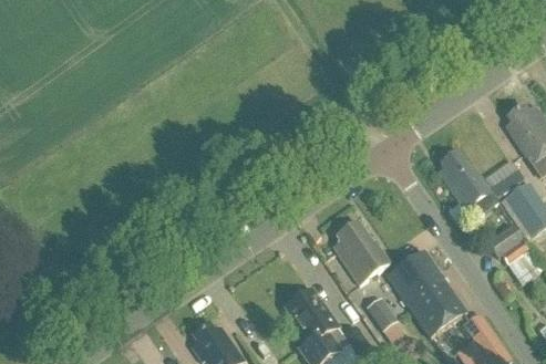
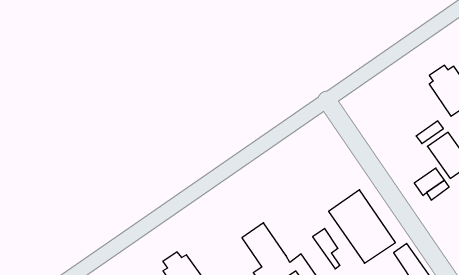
building: [439,152,497,216] -> none
building: [333,221,390,284] -> none

